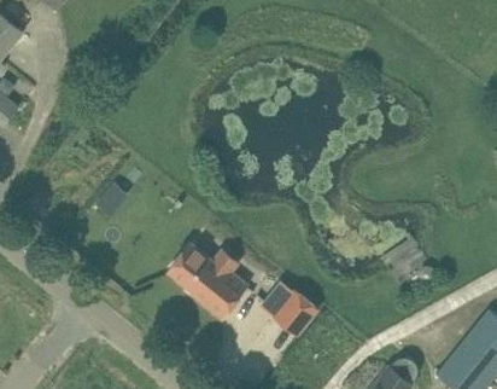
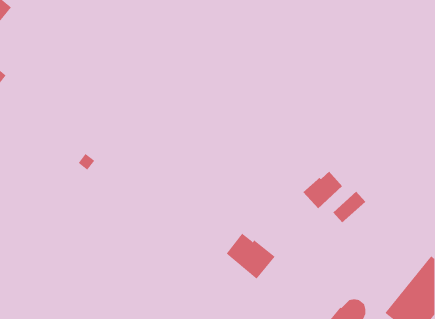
building: none -> [303,171,343,209]
building: [168,243,246,317] -> none

